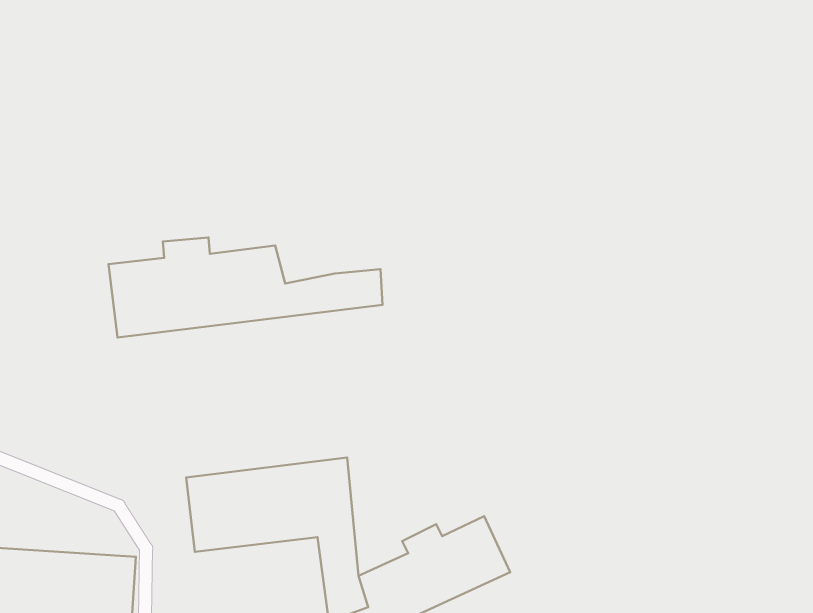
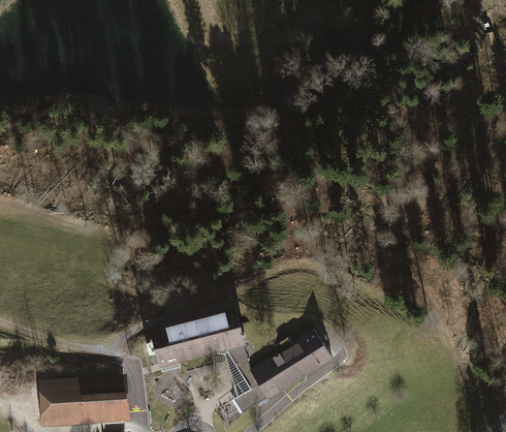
building: [109,237,383,337] -> none

